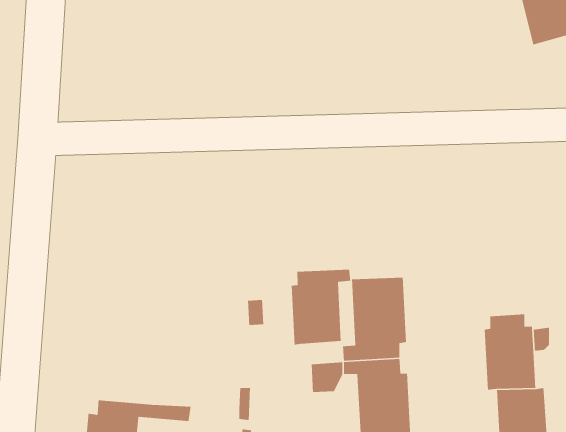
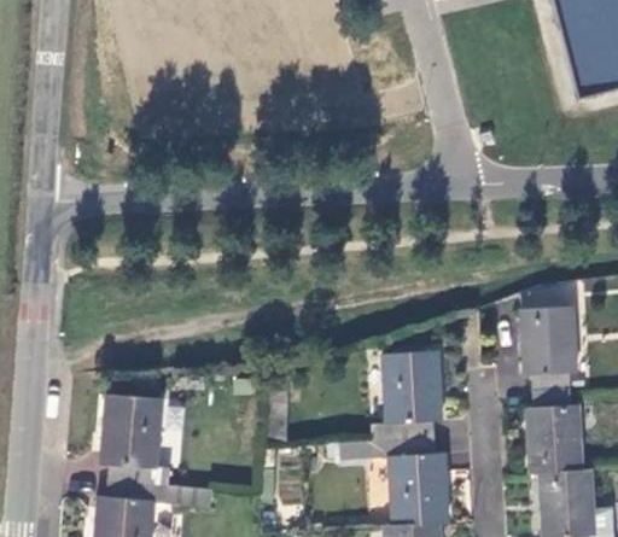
building: none -> [520,303,577,390]
building: [291,269,351,345] -> none
building: none -> [100,392,170,485]

